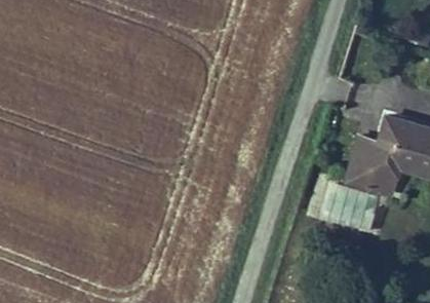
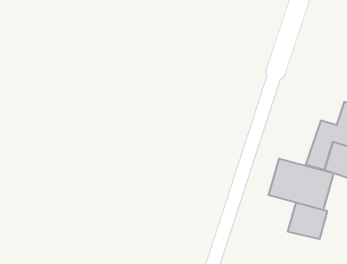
building: none -> [288,203,327,239]

